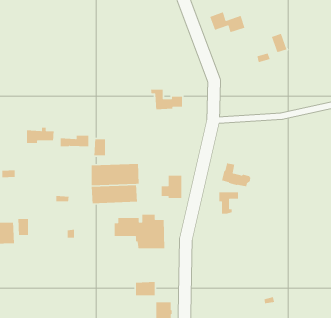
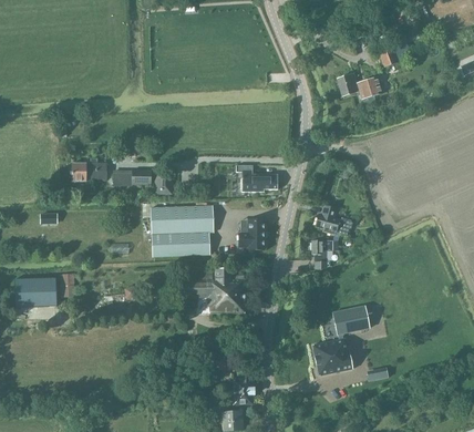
building: [209,11,246,33] -> [336,73,381,101]
building: [150,89,183,110] -> [236,165,277,192]
building: none -> [311,306,370,376]

